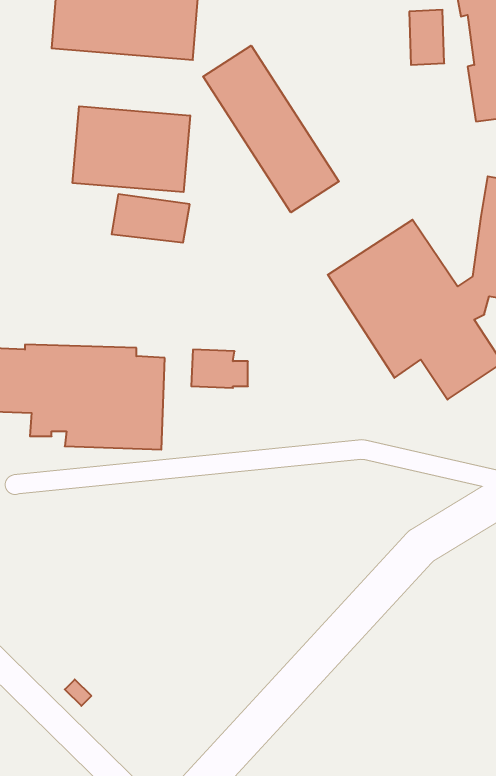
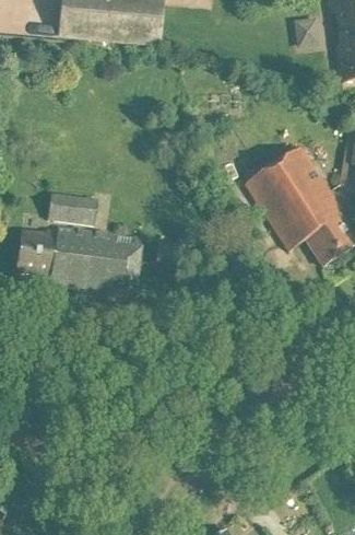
building: [203,46,339,212] -> none
building: [73,106,190,192] -> none
building: [112,194,190,243] -> [42,190,93,222]

